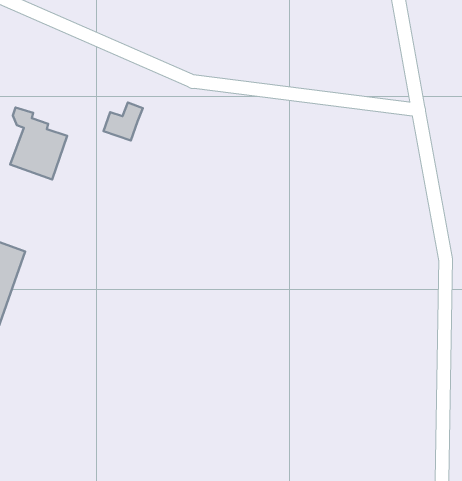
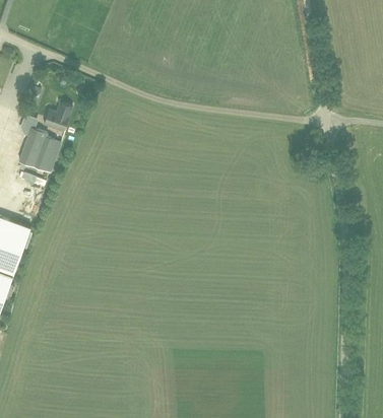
building: [103,103,143,141] -> [45,101,74,130]

